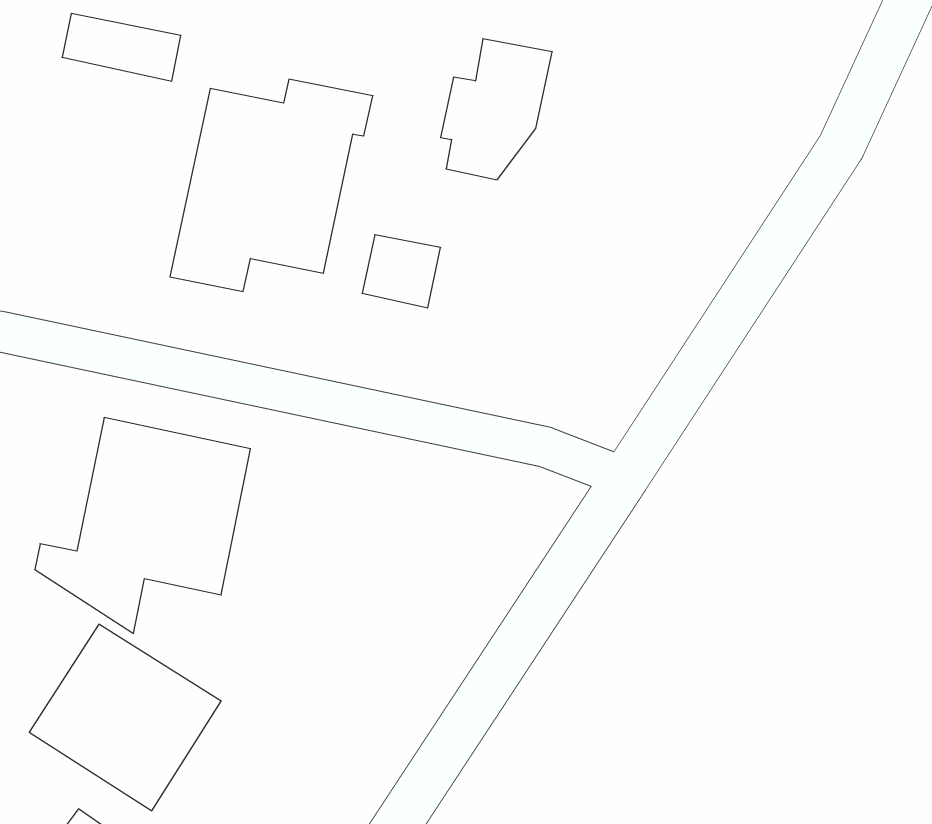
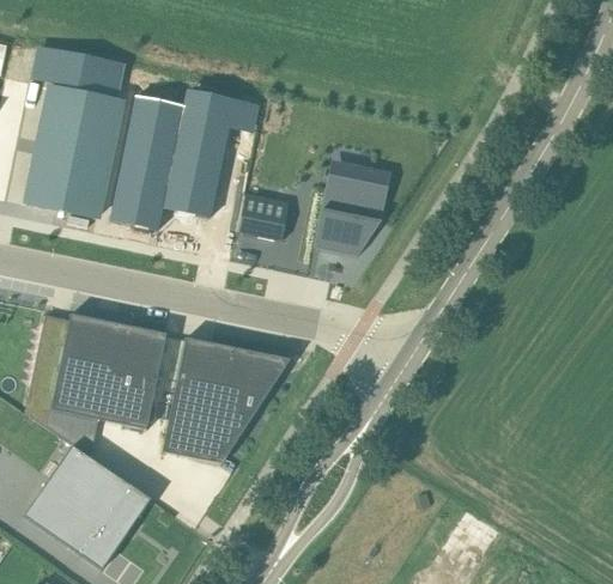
building: [441,39,552,180] -> [318,162,392,254]
building: none -> [26,85,121,217]
building: none -> [162,336,279,463]

